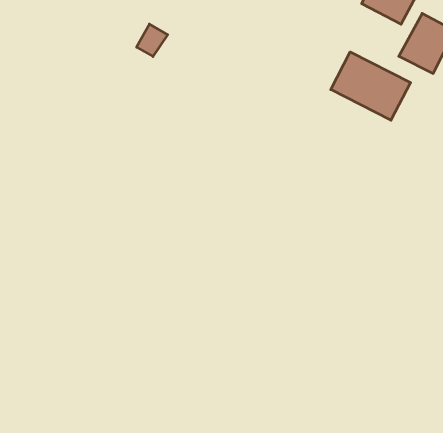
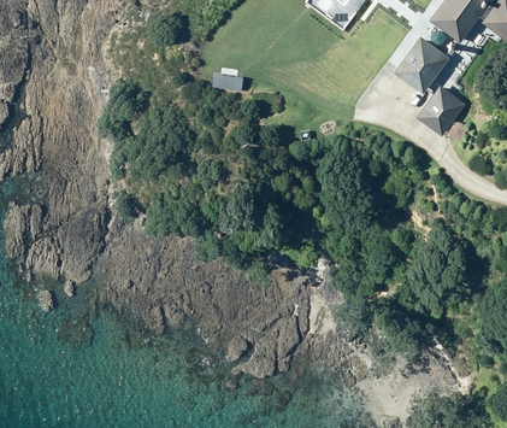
building: [331,52,411,120] -> none

